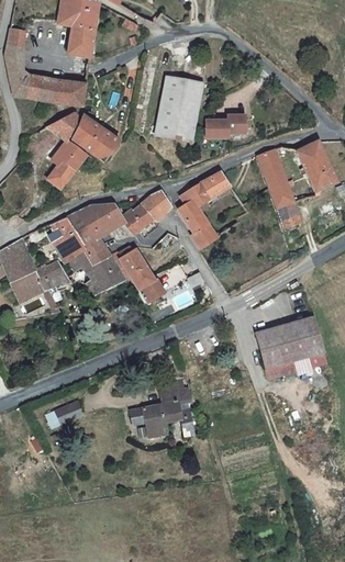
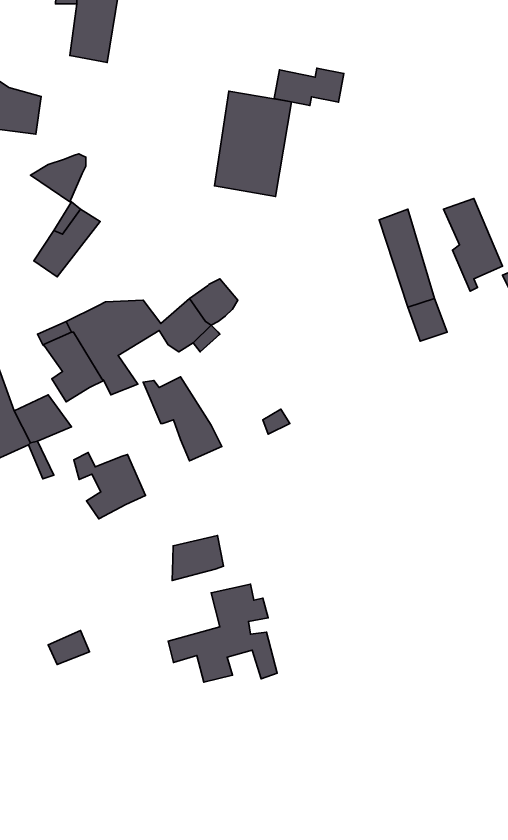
building: [47,78,86,105] -> none
building: [73,115,120,162] -> none
building: [205,116,248,139] -> [274,68,344,106]
building: [178,172,230,248] -> none
building: [80,252,124,293] -> [74,453,145,519]
building: [255,317,323,375] -> none
building: none -> [172,536,223,580]

